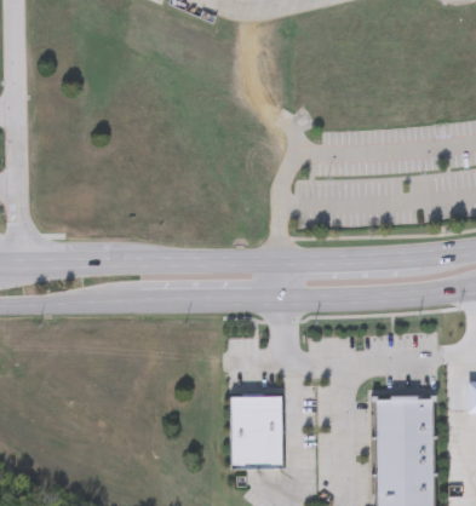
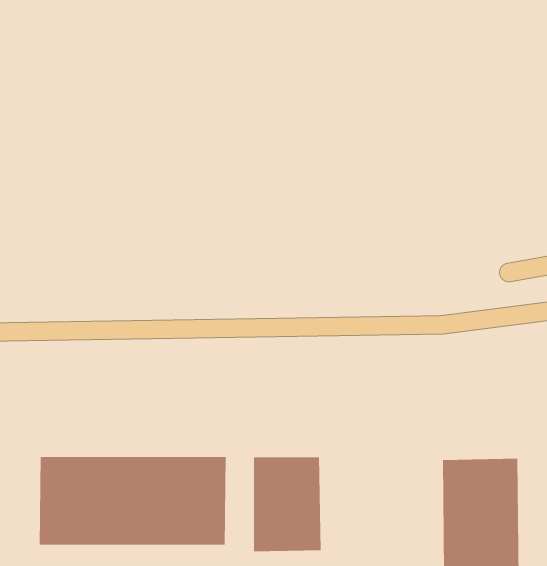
building: none -> [39,456,226,545]

